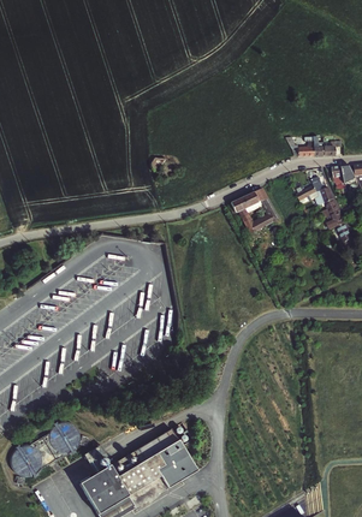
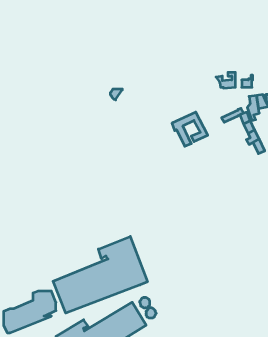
building: none -> [53,236,147,313]

